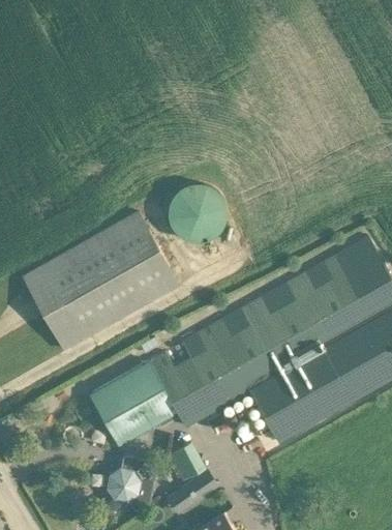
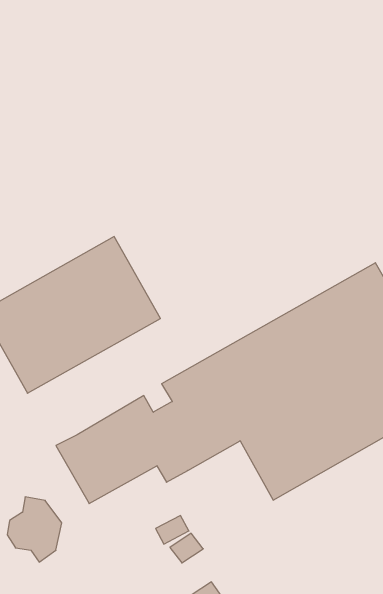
building: [173,180,237,244] -> none
building: [107,455,154,512] -> [7,497,62,562]

